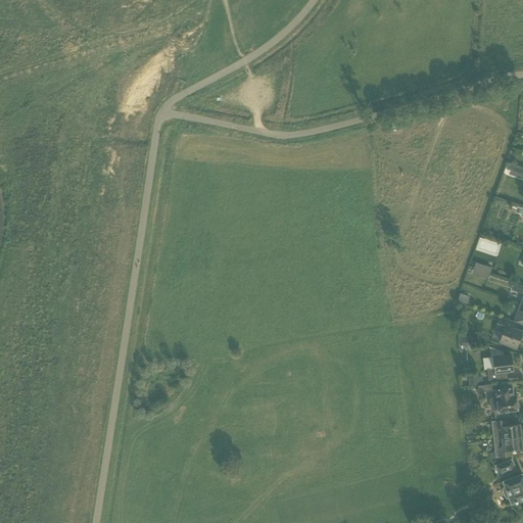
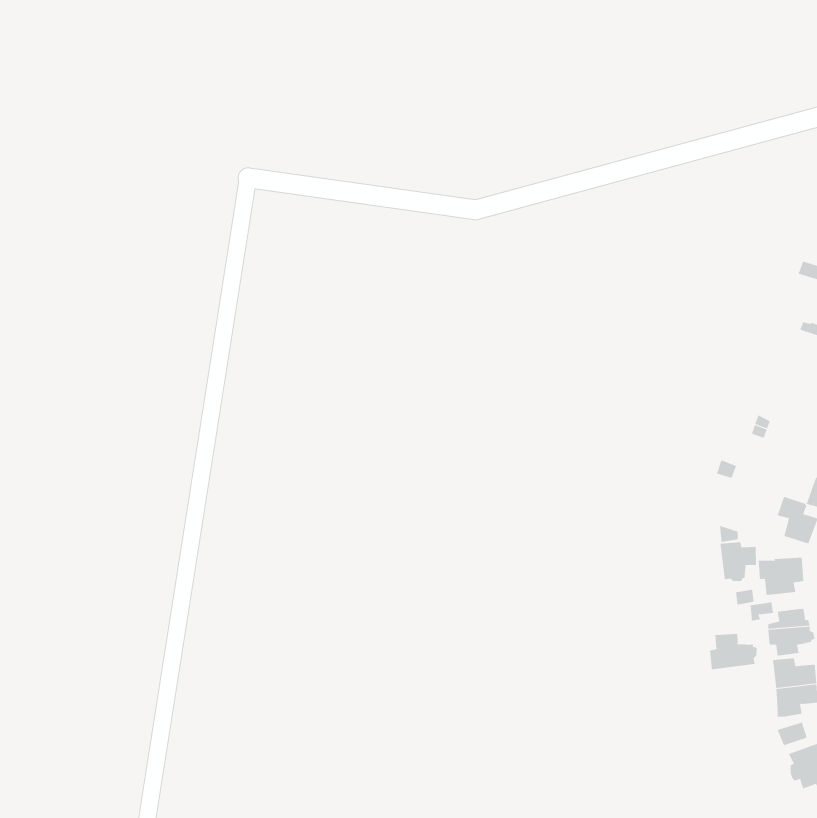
building: none -> [720,541,757,582]
building: none -> [710,633,757,670]

